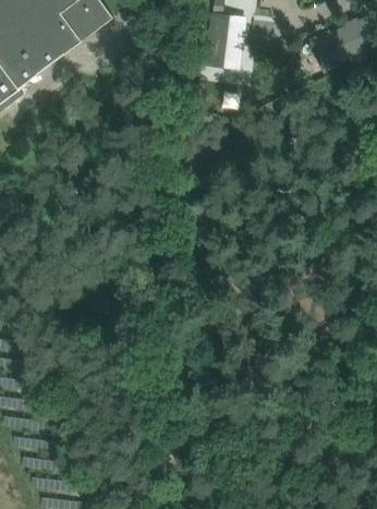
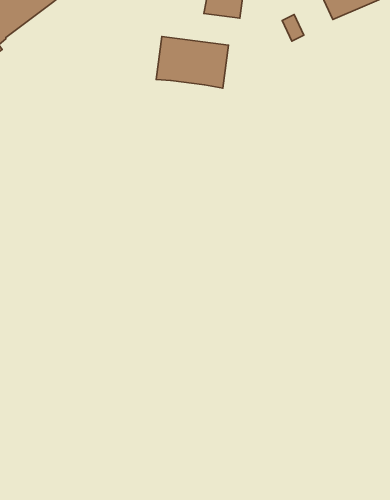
building: none -> [156,36,228,88]

